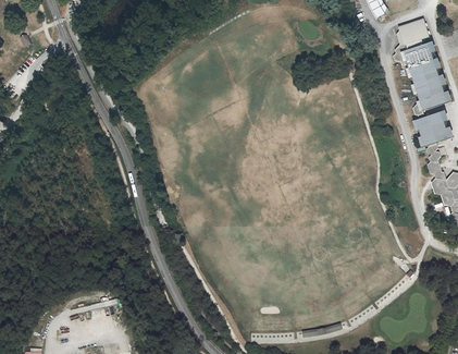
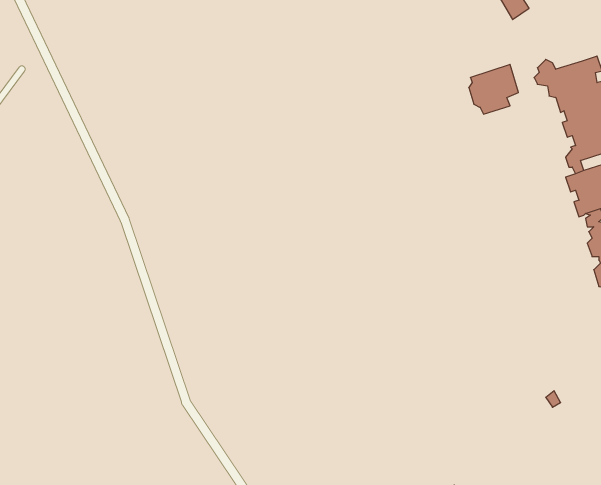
building: [396,17,429,50] -> [469,64,518,114]

